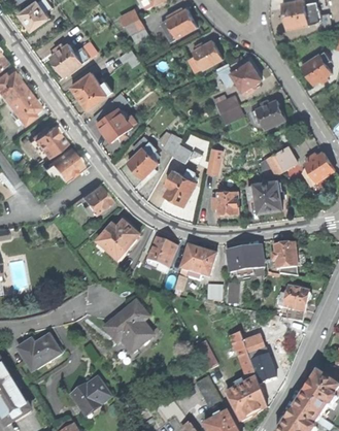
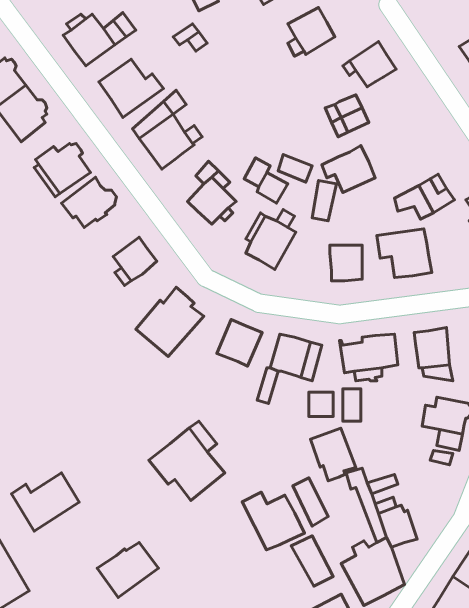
building: [252,97,286,127] -> [322,146,375,192]
building: none -> [310,428,356,481]
building: none -> [242,492,304,550]

